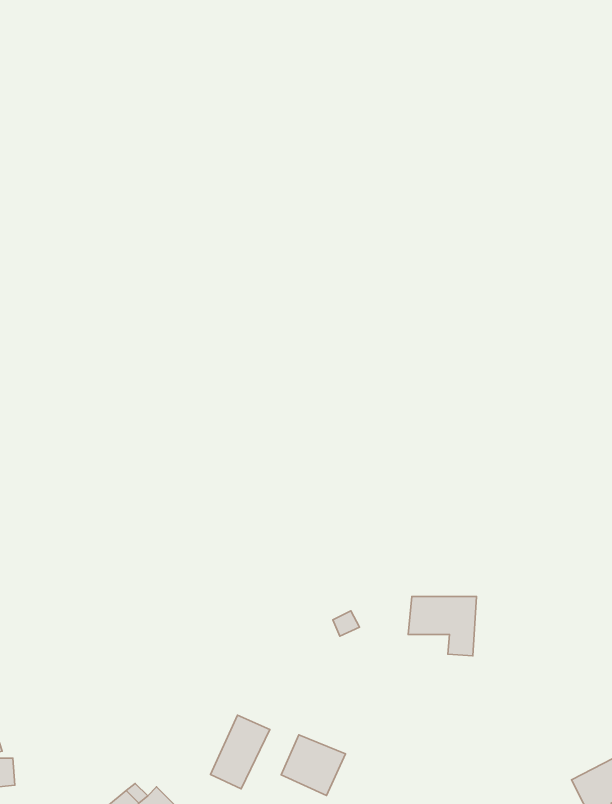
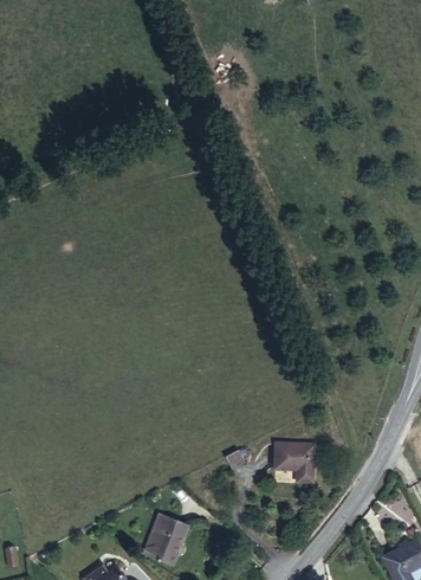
building: [281,735,346,796] -> none

